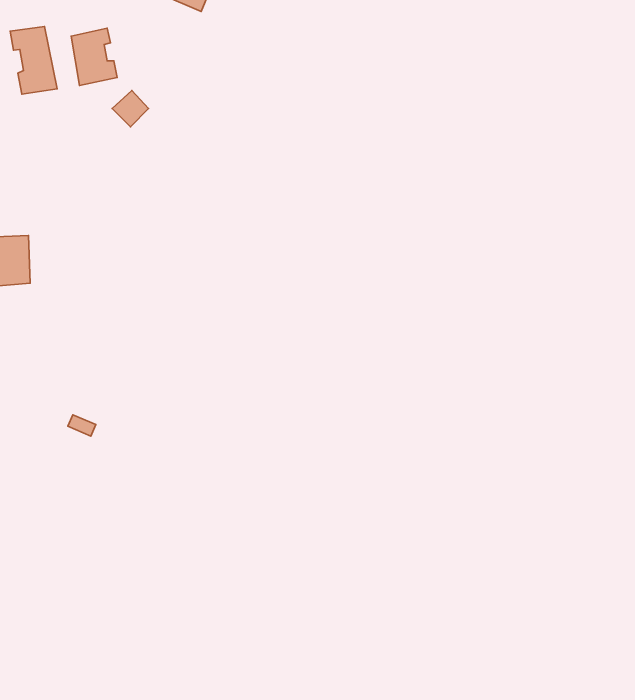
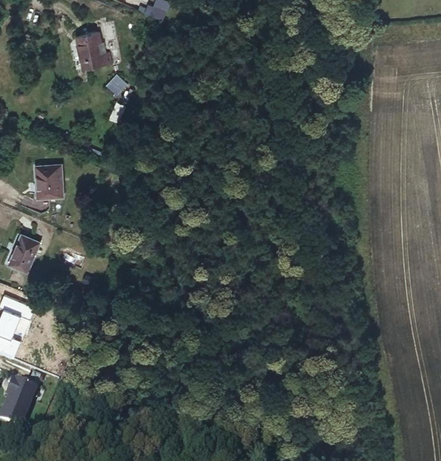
building: [10,26,57,94] -> none

